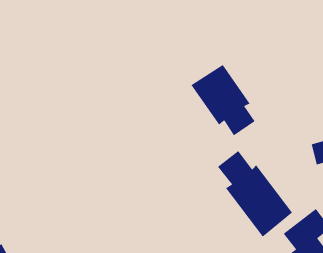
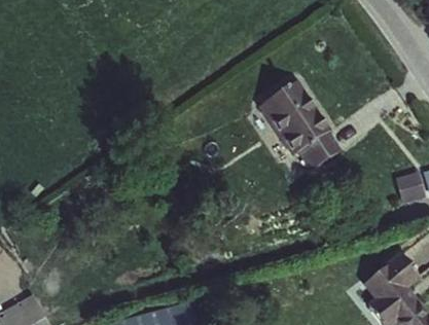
building: [217,150,293,237] -> none

